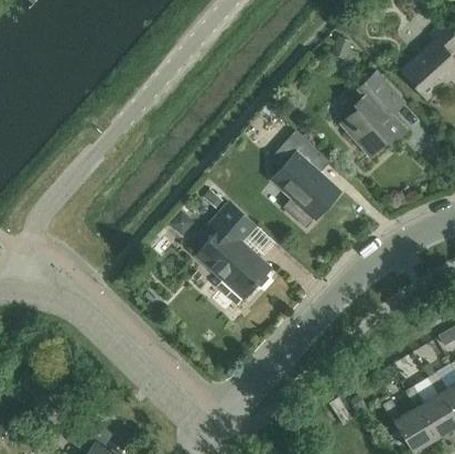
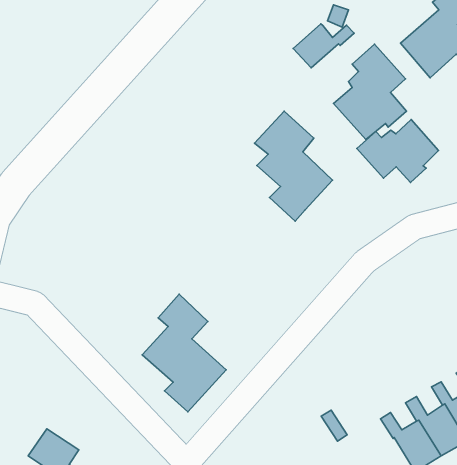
building: none -> [293,24,354,68]
building: none -> [357,120,439,182]
building: [197,202,272,306] -> [142,294,226,412]

